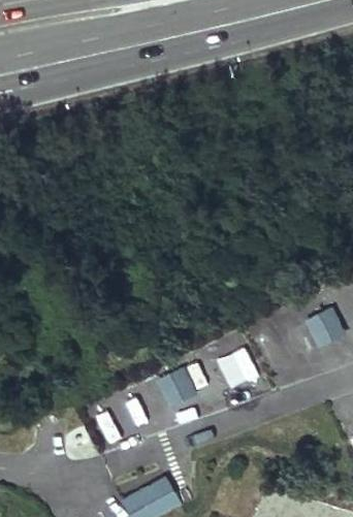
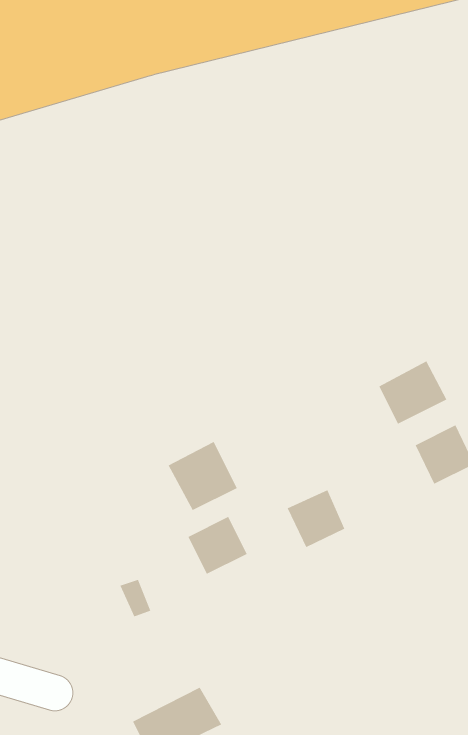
building: none -> [379,361,447,425]
building: none -> [168,441,238,511]

